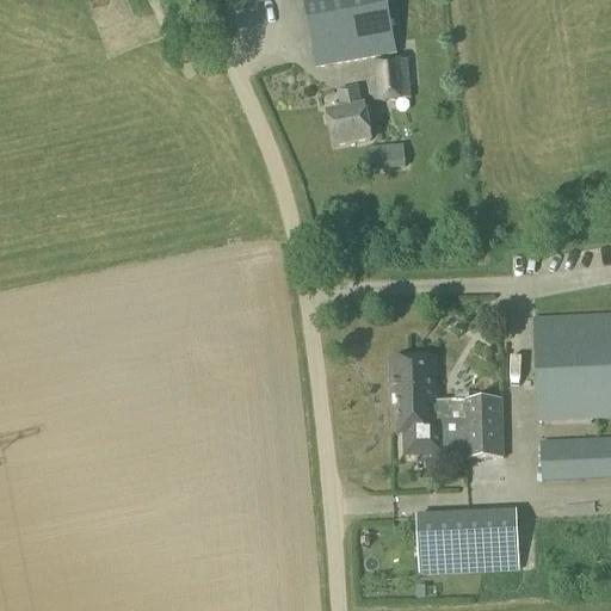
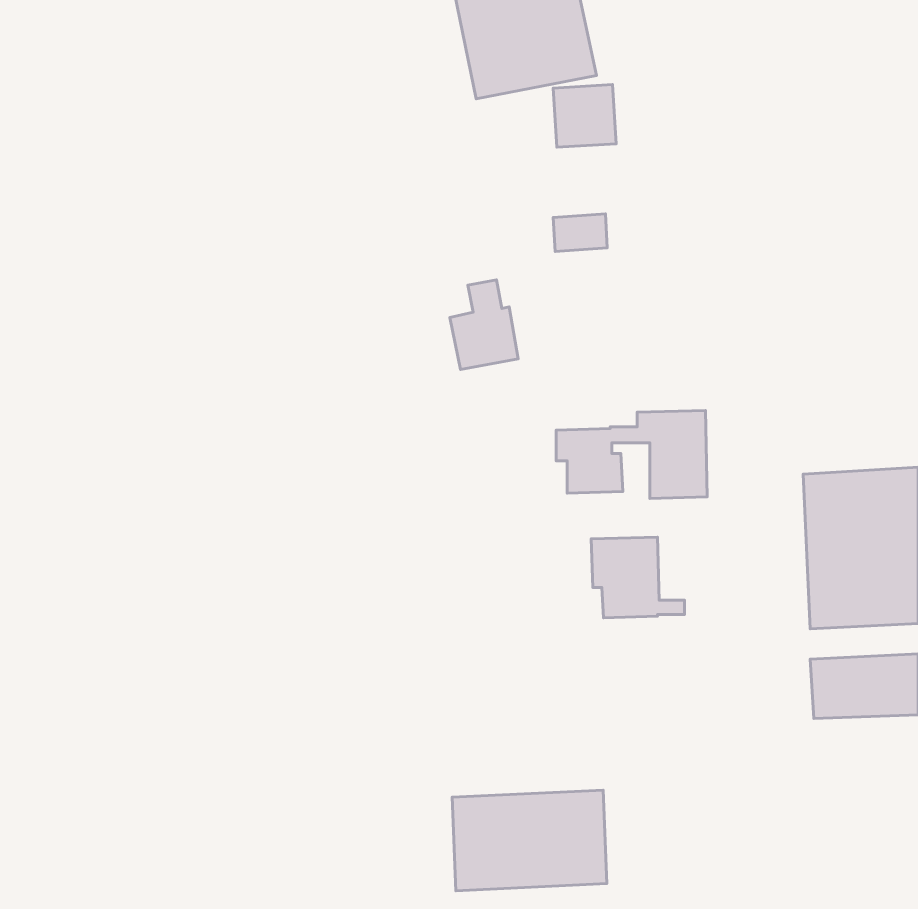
building: [325,85,370,144] -> [450,280,518,370]
building: [401,397,501,456] -> [556,411,707,499]
building: [415,507,518,574] -> [452,790,607,891]

